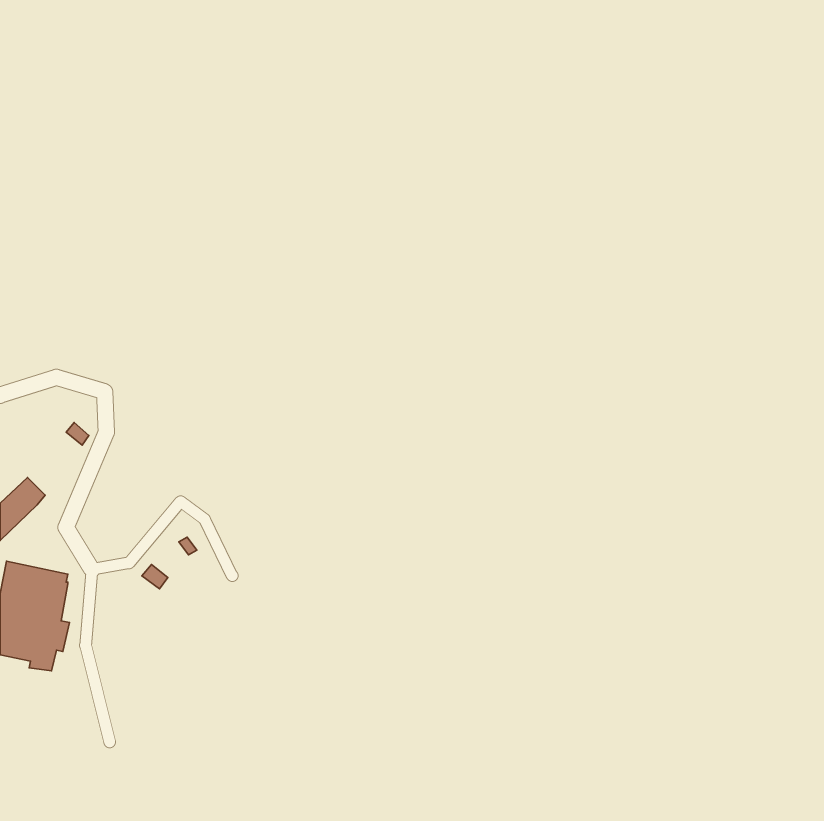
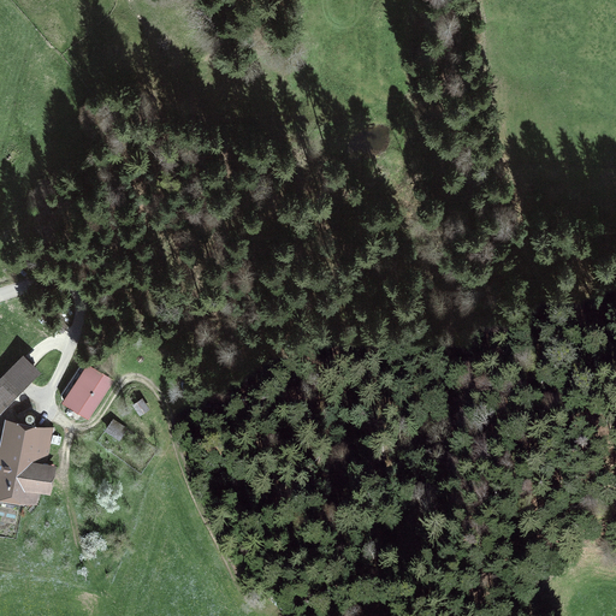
building: none -> [59,362,109,417]

